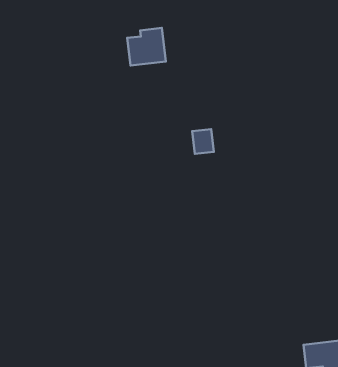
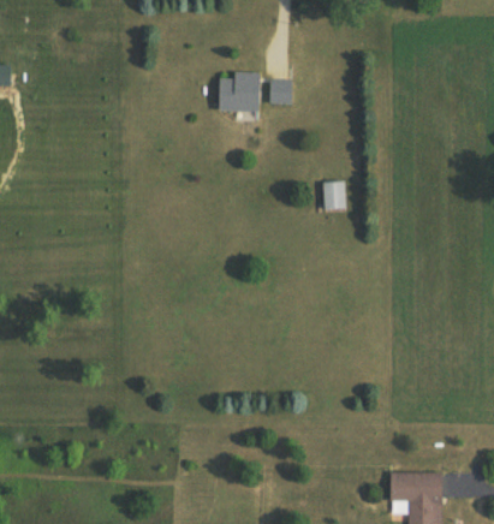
building: none -> [268,79,291,103]
building: [192,129,214,154] -> [323,181,346,209]

